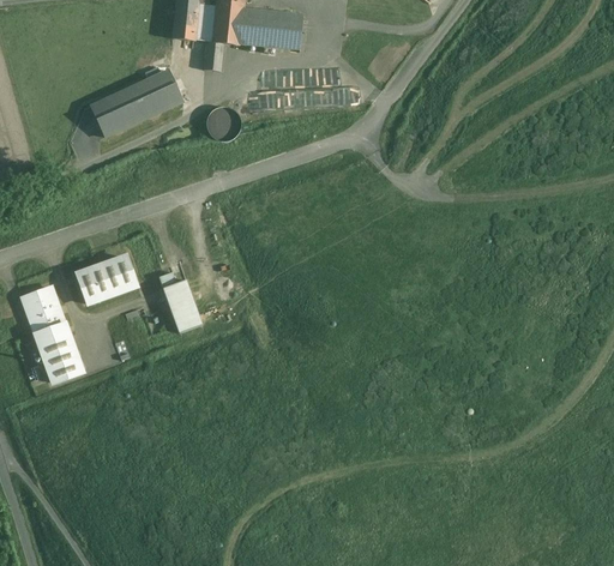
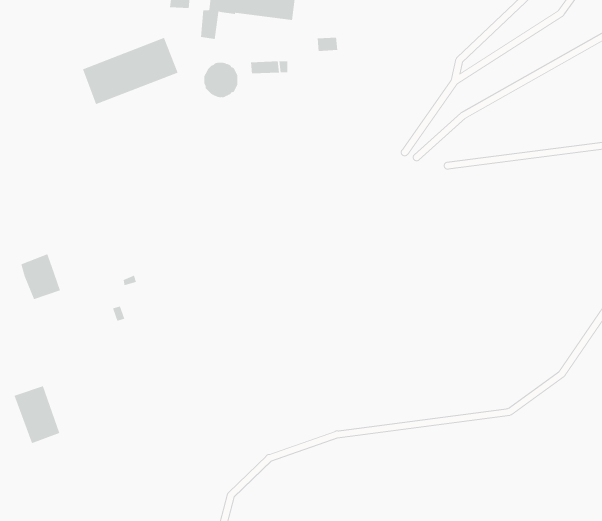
building: [77,255,136,302] -> none
building: [158,271,203,332] -> none
building: [35,324,82,383] -> [14,386,60,444]

